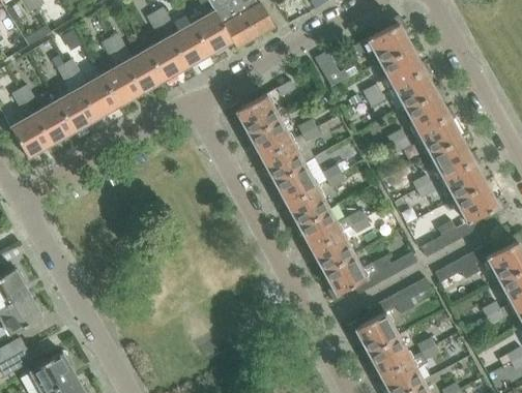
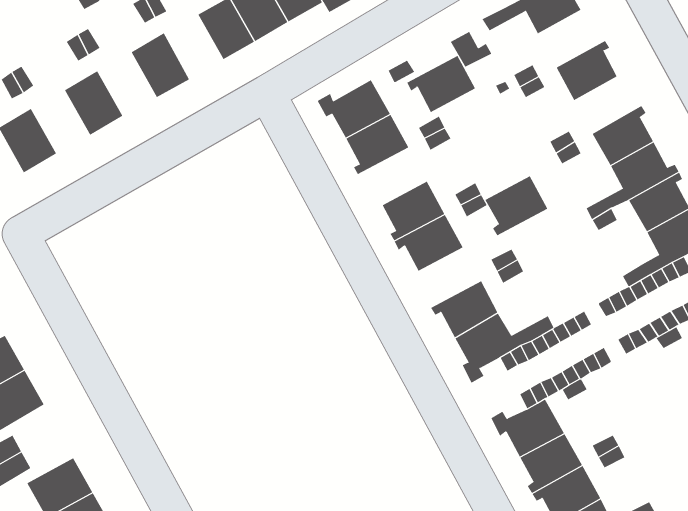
building: [379,47,426,86] -> none
building: [123,50,164,94] -> none
building: [78,75,118,119] -> none
building: [404,92,451,131] -> none
building: [32,101,72,145] -> none
building: [256,141,303,180] -> [406,55,476,113]
building: [297,209,341,250] -> [485,176,548,236]

